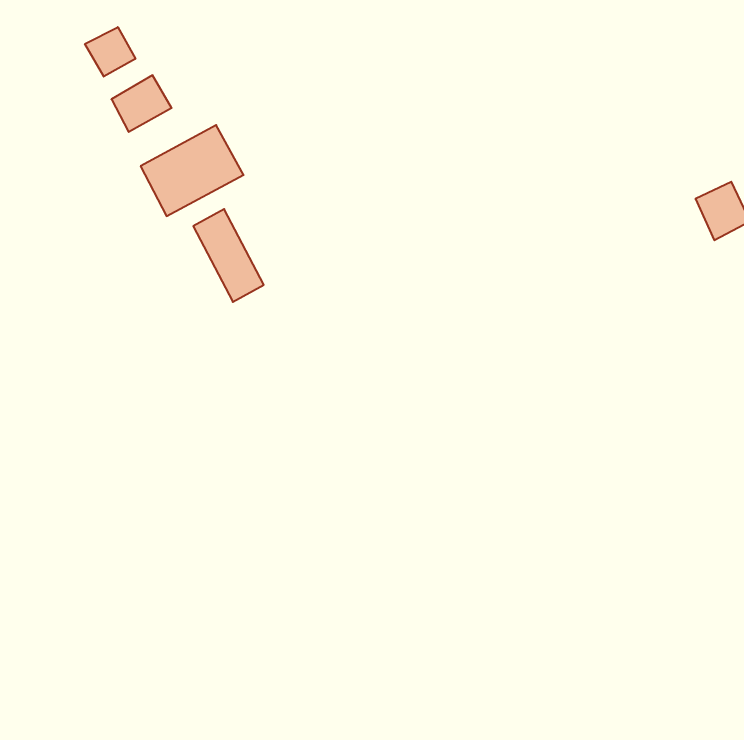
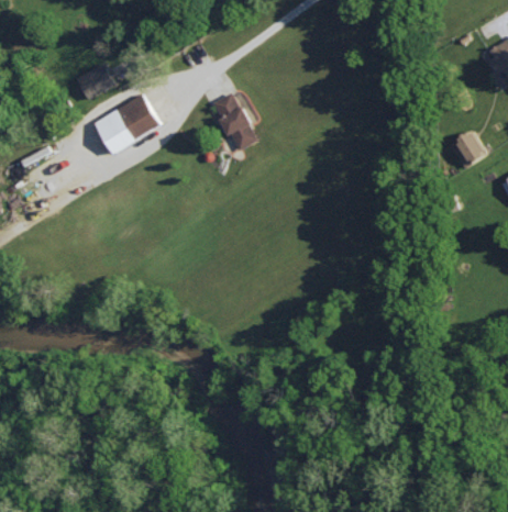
building: [85,27,135,77] -> none
building: [193,209,264,302] -> [212,92,257,152]

